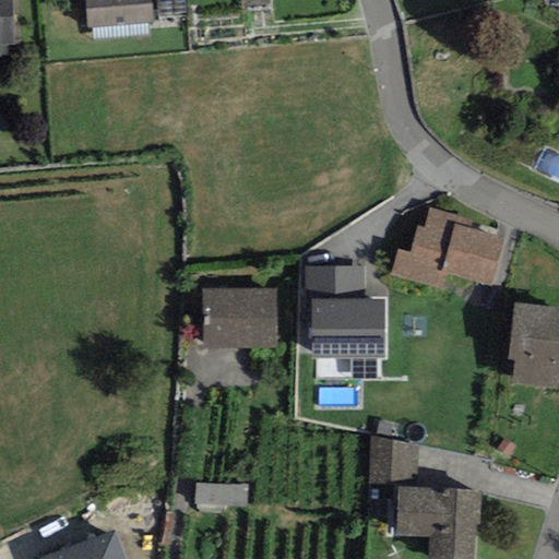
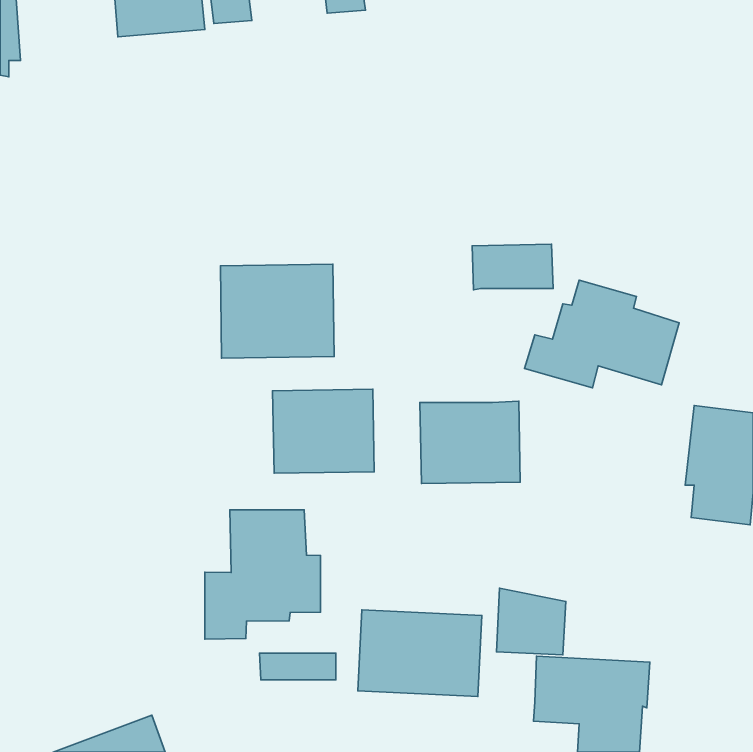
building: none -> [220,264,334,358]
building: [305,265,365,299] -> [472,244,553,290]
building: none -> [205,510,320,639]
building: none -> [358,610,482,696]

